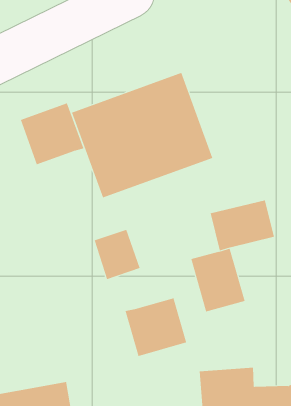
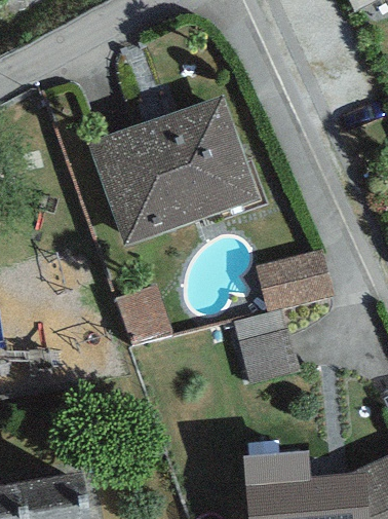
building: [20,102,84,165] -> none
building: [125,297,187,357] -> none

